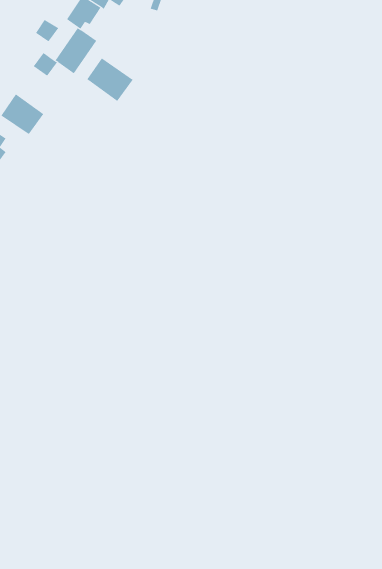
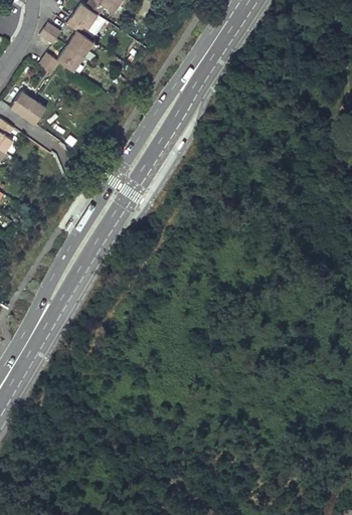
building: [87,57,134,102] -> none

